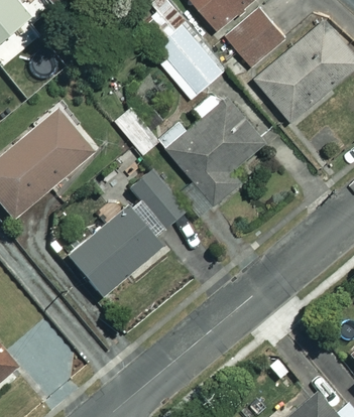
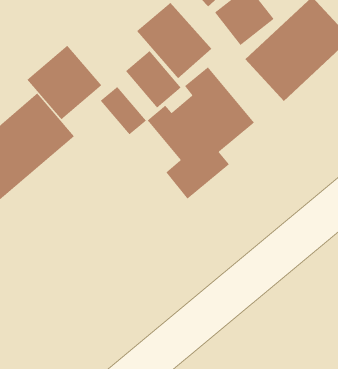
building: none -> [26,45,102,120]
building: none -> [125,50,181,108]
building: [66,166,186,296] -> none

